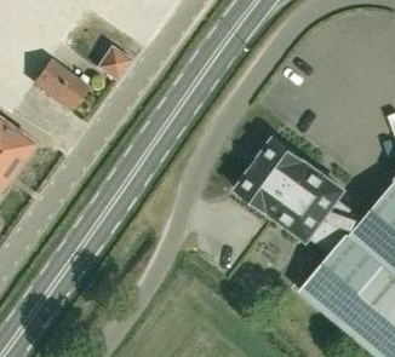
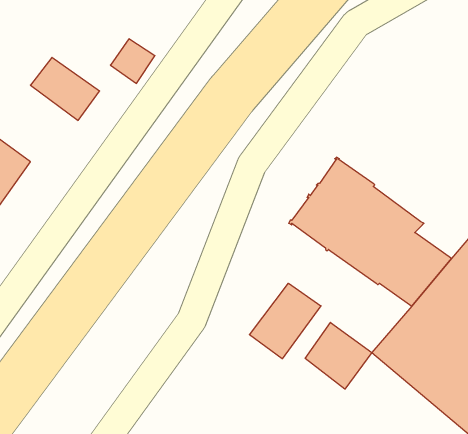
building: none -> [249,283,321,359]
building: none -> [305,322,372,389]

